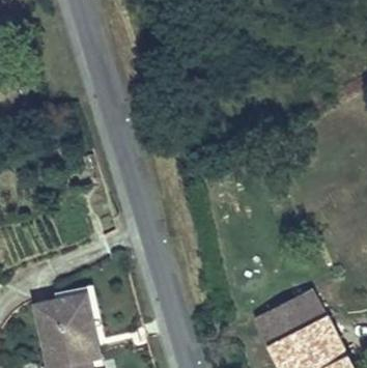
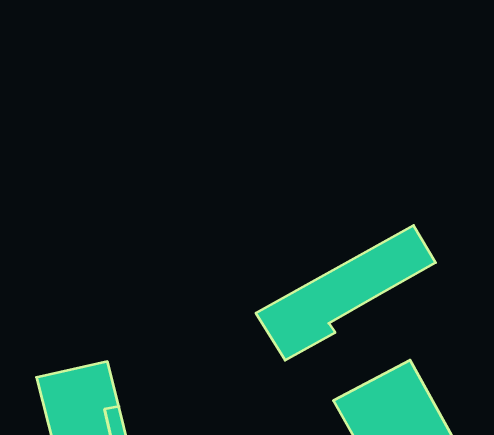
building: none -> [256,225,436,360]

